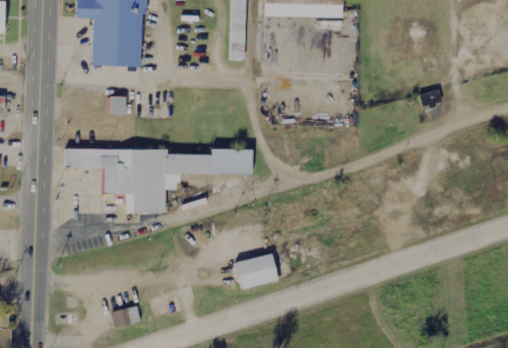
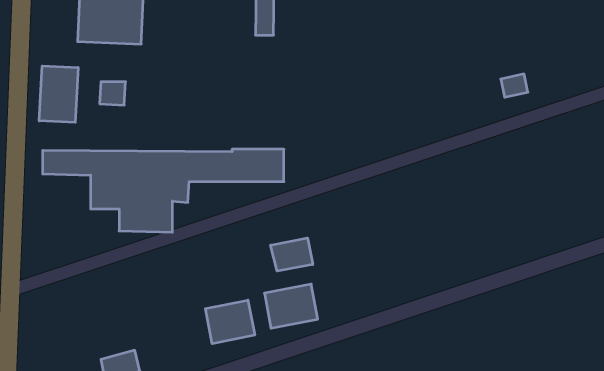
building: none -> [39,66,78,122]
building: none -> [271,238,313,271]
building: none -> [205,300,255,344]

